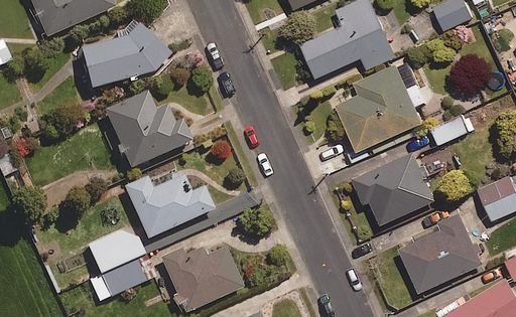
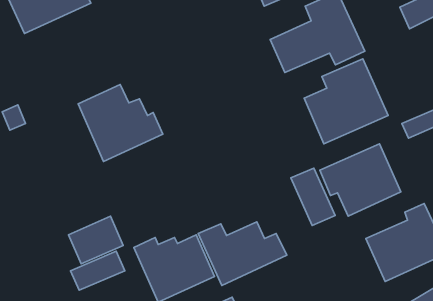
building: [77,24,167,89] -> none
building: [122,174,214,240] -> [198,222,287,285]
building: none -> [291,168,335,225]

